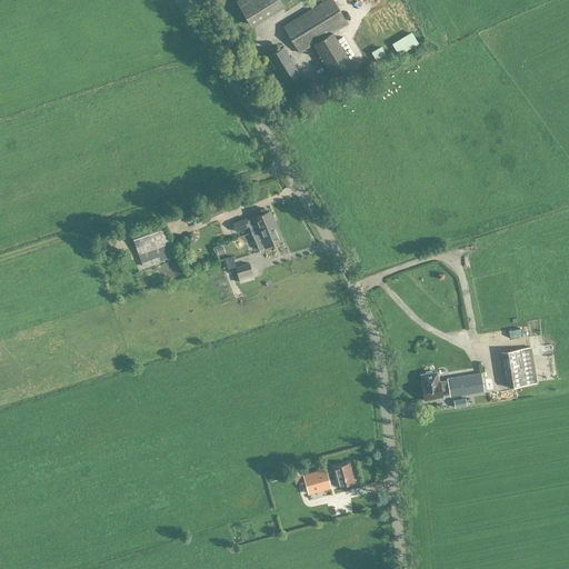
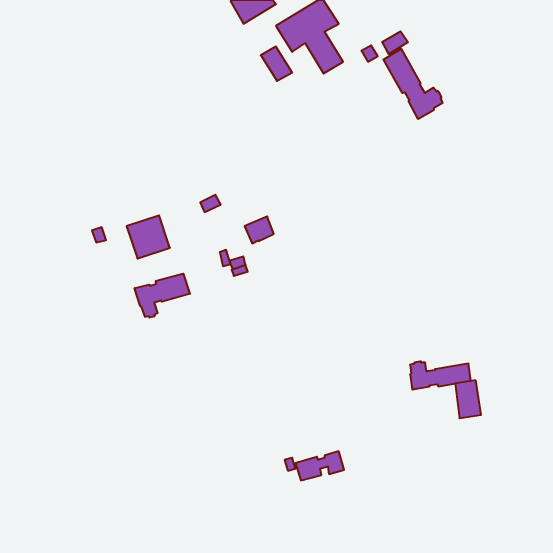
building: none -> [384,49,443,119]
building: [233,208,274,232] -> none
building: none -> [135,274,190,318]
building: [502,349,529,388] -> [455,380,481,418]

